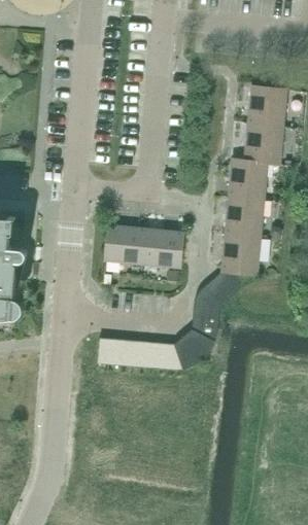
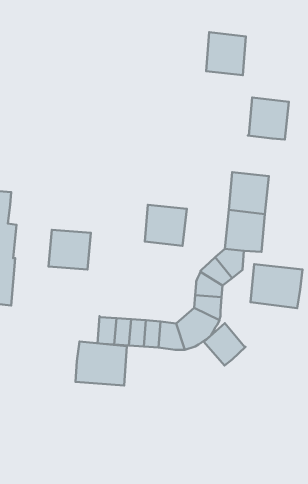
building: [248,84,287,127] -> [206,32,246,75]
building: [229,157,268,200] -> none
building: [105,224,146,264] -> [49,230,91,270]
building: none -> [250,264,302,308]
building: none -> [204,323,246,365]
building: none -> [75,342,127,385]

